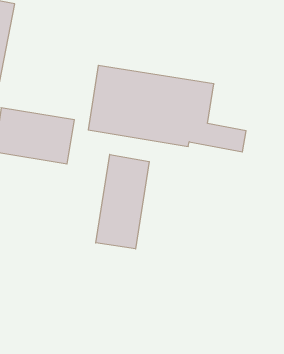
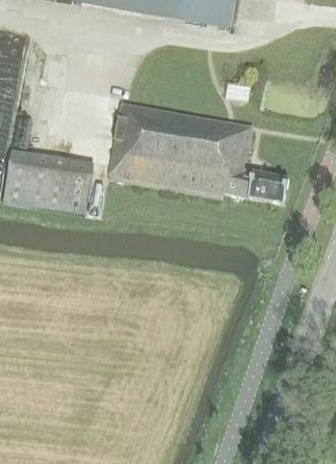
building: [96,154,149,249] -> none

